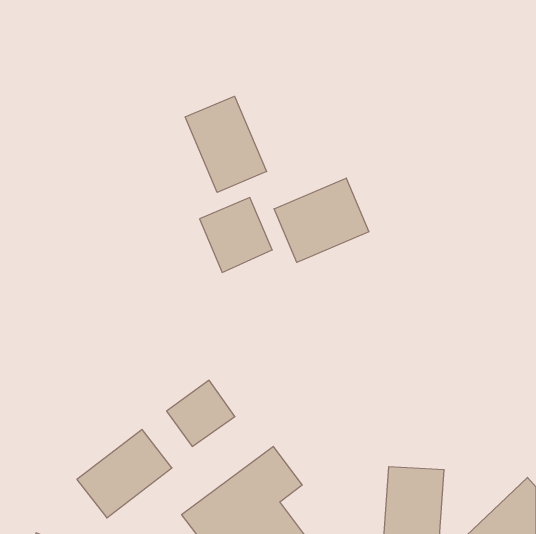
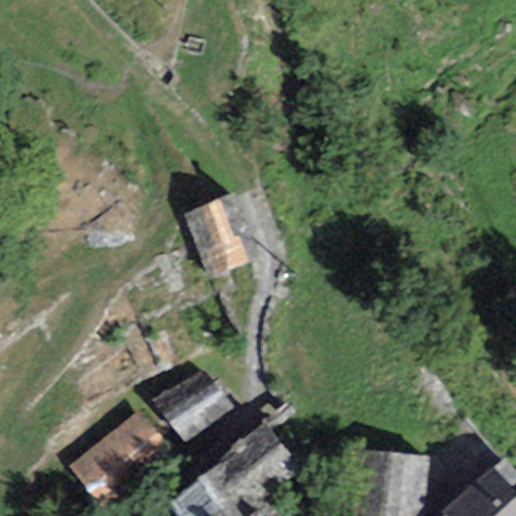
building: [185,96,267,192] -> none
building: [274,178,369,262] -> none

